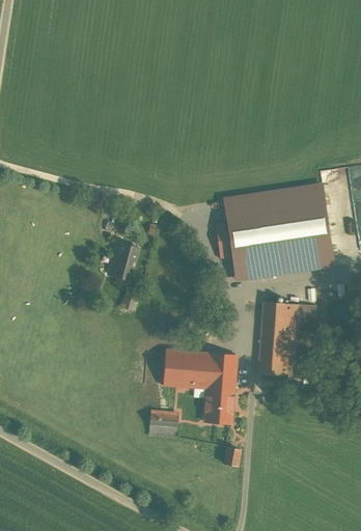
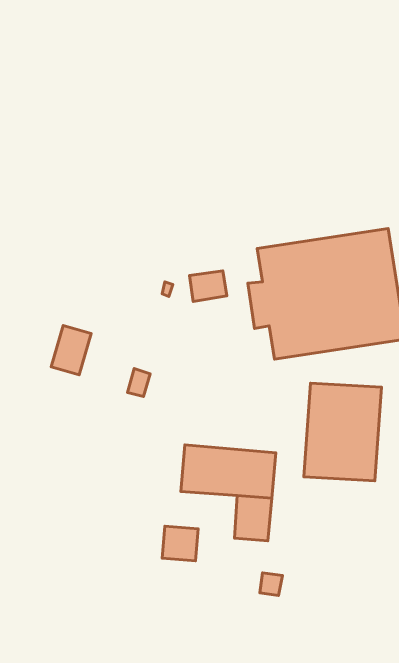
building: none -> [189,271,227,302]
building: [107,241,138,279] -> [51,326,91,375]

